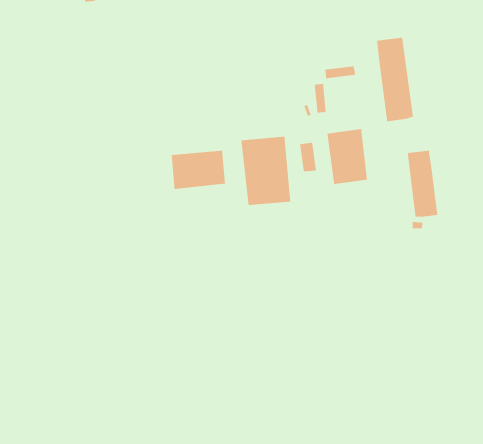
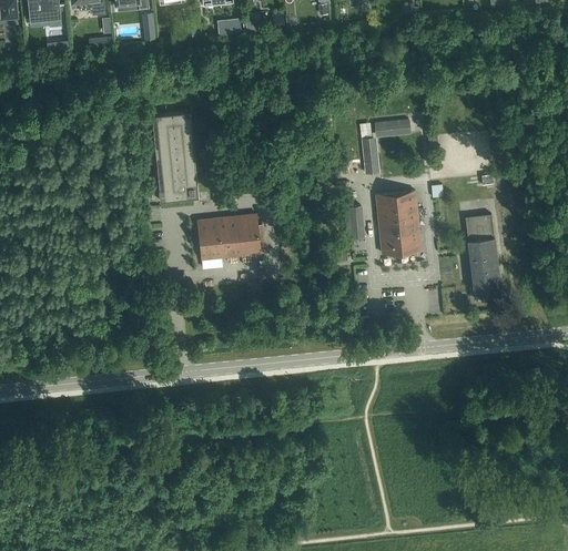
building: [376,37,414,122] -> none
building: none -> [155,111,199,201]
building: [240,136,291,206] -> none

